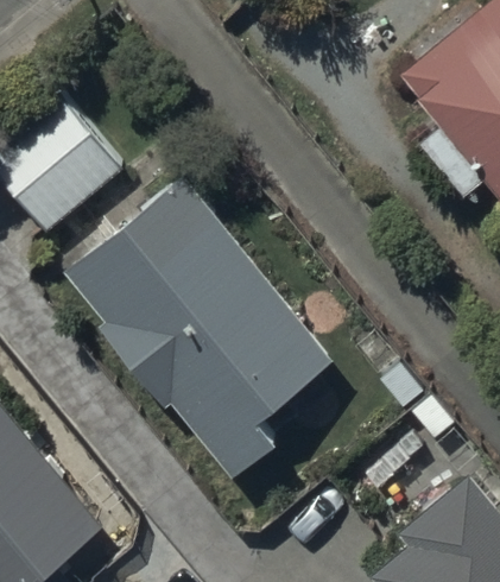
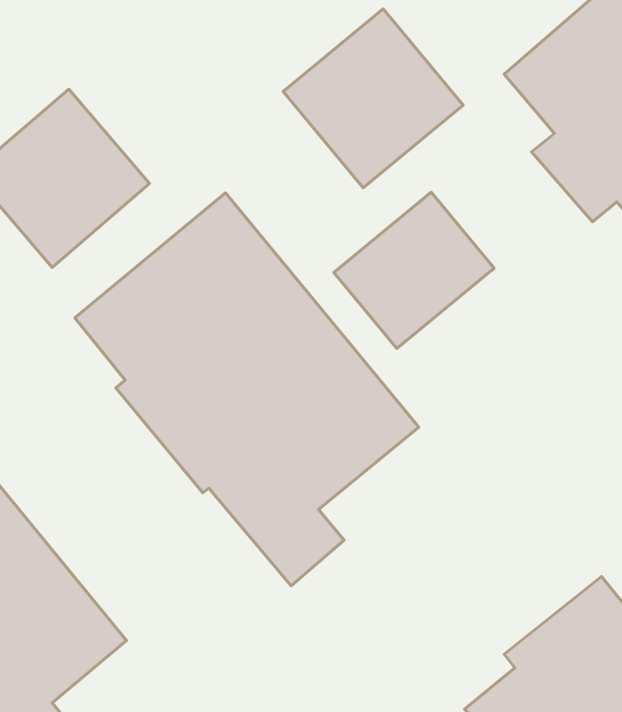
building: none -> [283,9,463,188]
building: none -> [334,192,494,349]

